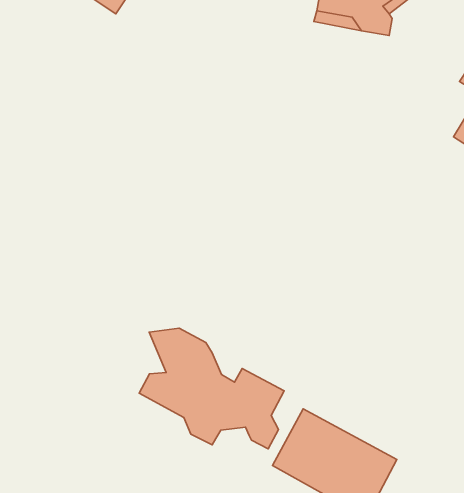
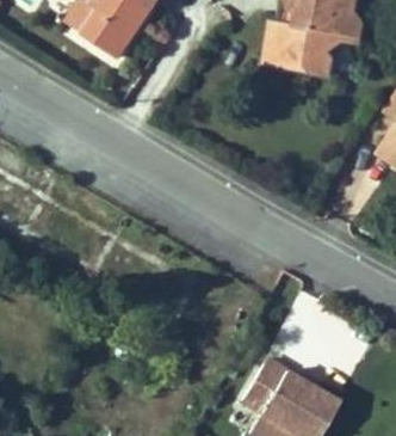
building: [139,328,284,449] -> none

